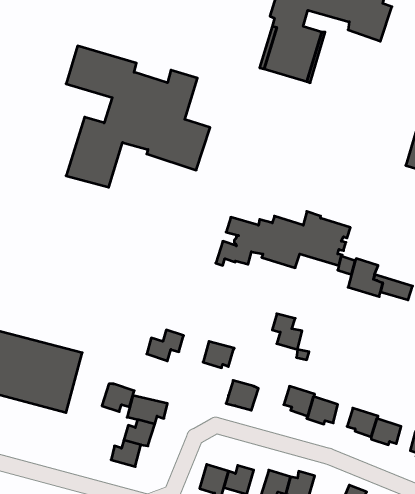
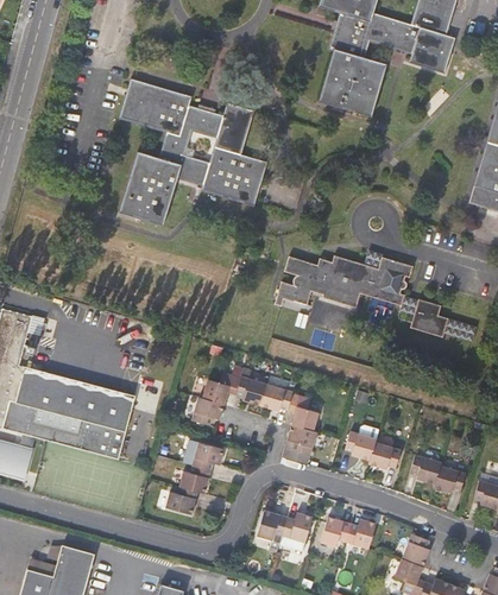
building: [272,314,302,349] -> [286,393,317,430]
building: none -> [235,375,266,405]
building: [102,384,134,412] -> [190,397,223,425]

